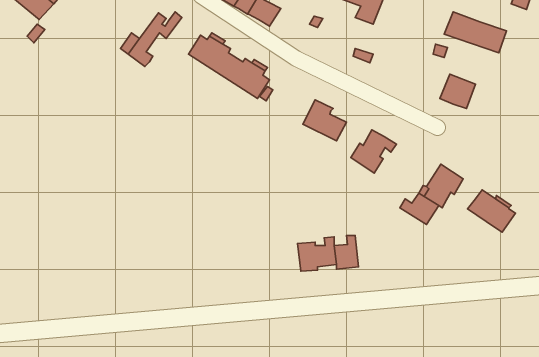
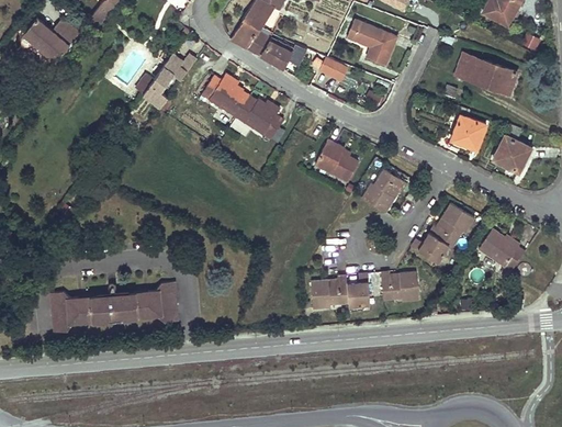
building: none -> [493,135,530,173]
building: none -> [380,272,418,302]
building: none -> [50,282,177,333]

